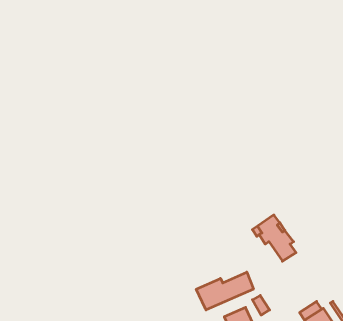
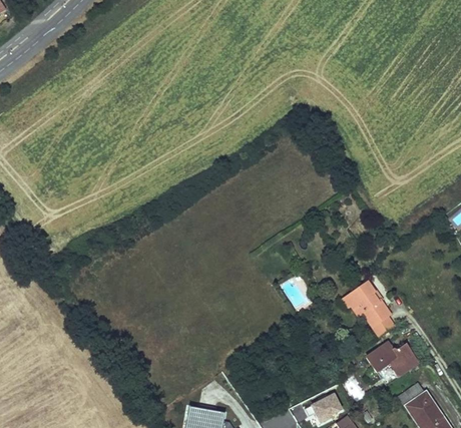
building: none -> [366,342,419,377]
building: [196,272,253,310] -> none

